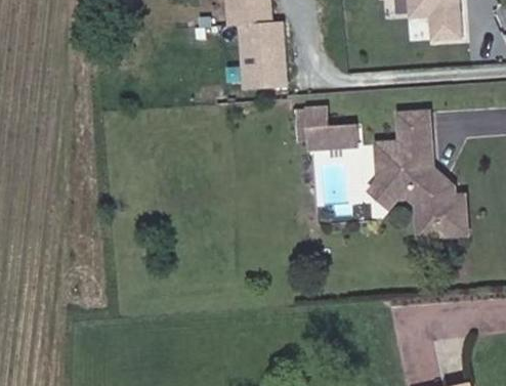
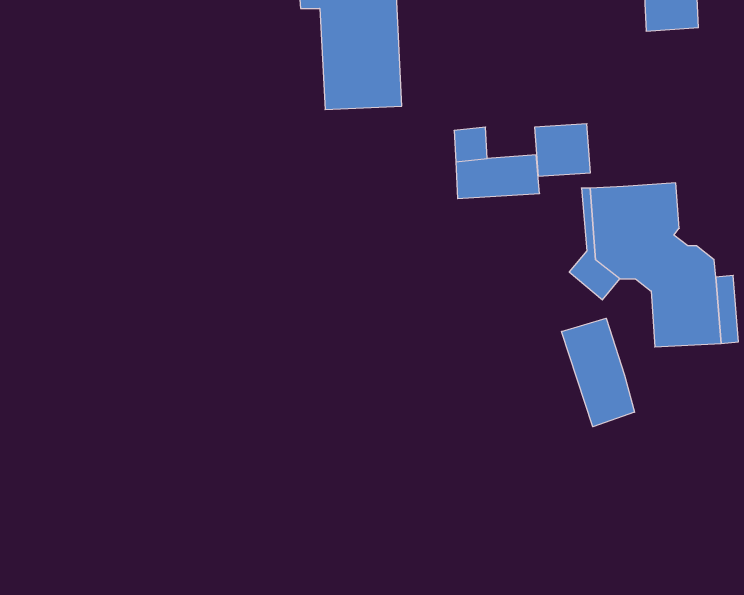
building: [405,106,437,137] -> [535,124,590,176]
building: none -> [562,318,635,427]

